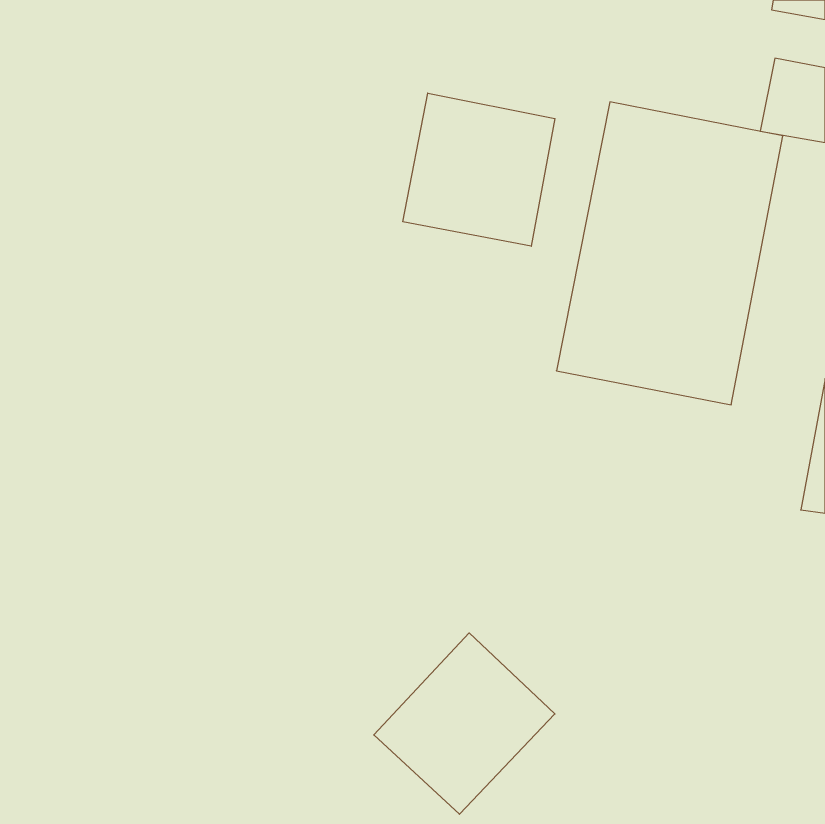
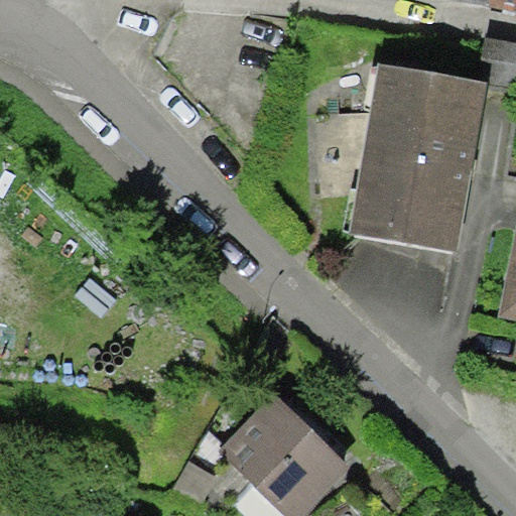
building: [403,93,555,246] -> none

